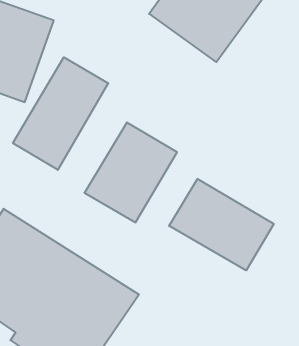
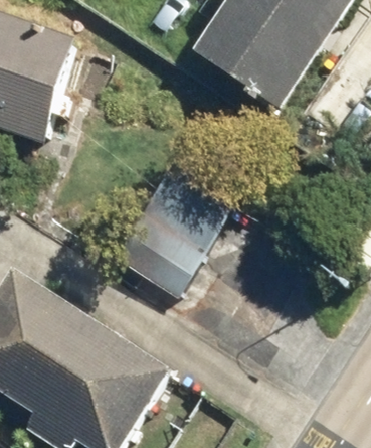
building: [13,57,108,170] -> none
building: [169,179,274,270] -> none

